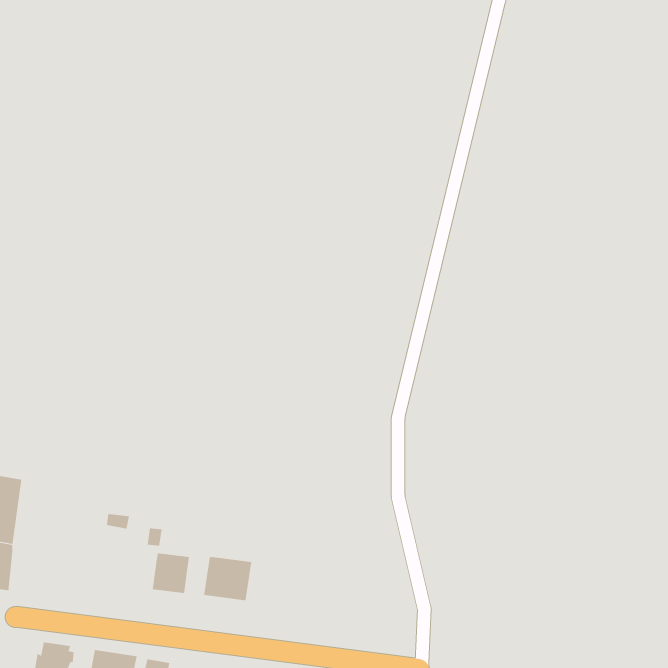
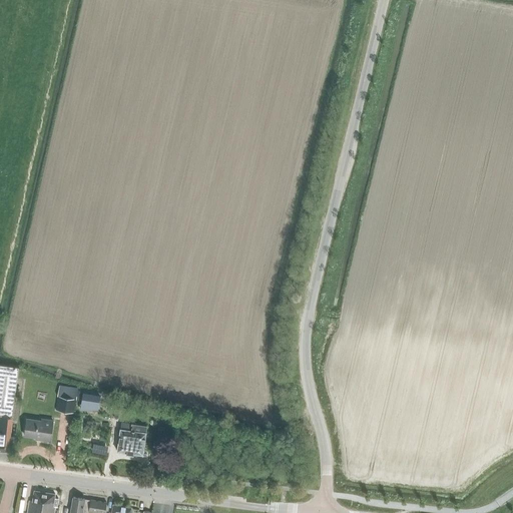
building: none -> [54,386,76,414]
building: none -> [23,420,52,442]
building: [203,556,252,601] -> none

